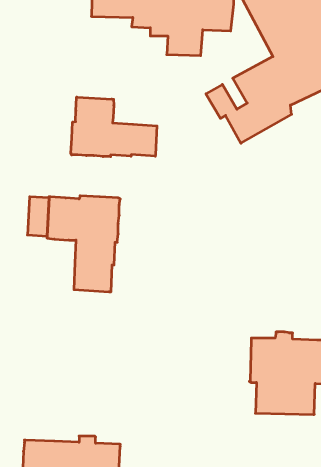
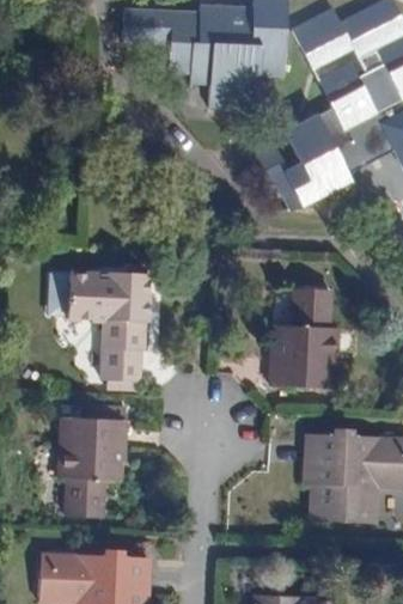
building: [71,97,157,157] -> none
building: none -> [270,286,343,390]
building: none -> [60,417,132,520]

